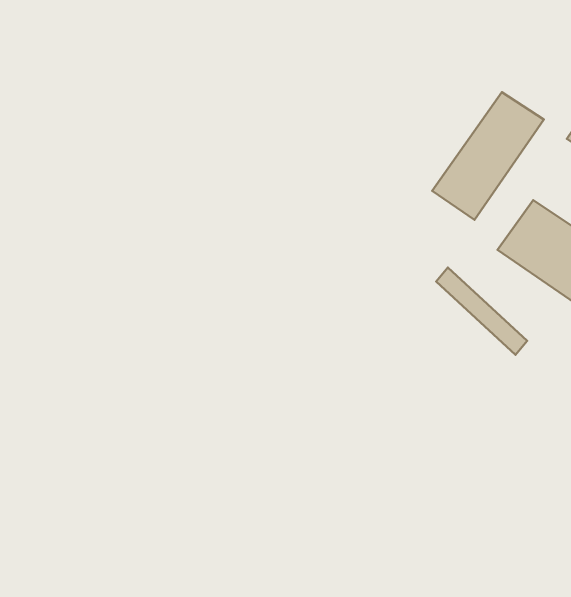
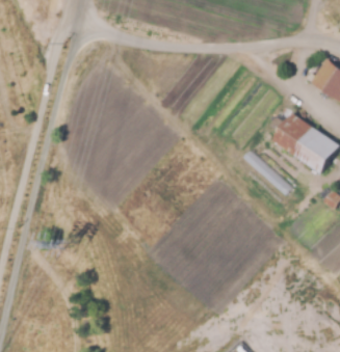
building: [432,92,544,220] -> none

